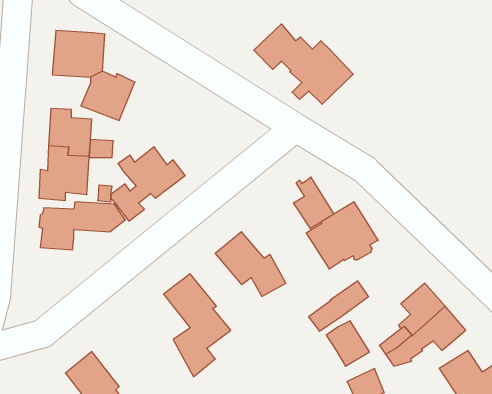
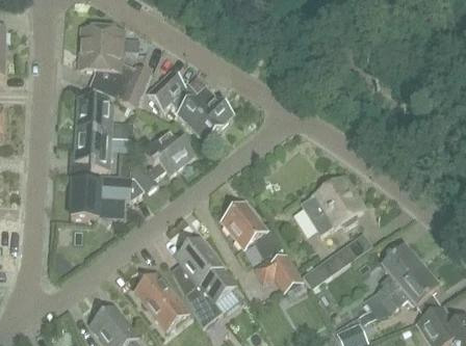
building: [254,24,353,104] -> [146,71,232,140]
building: [294,177,334,229] -> none
building: none -> [134,272,186,329]
building: [326,321,369,366] -> [265,252,303,292]

